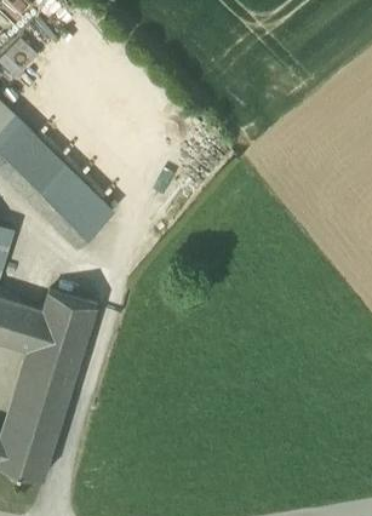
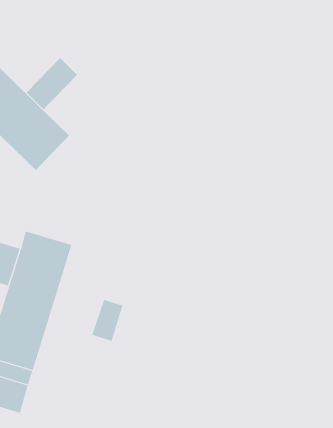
building: [61,193,114,247] -> [26,57,78,110]
building: none -> [92,299,123,342]

